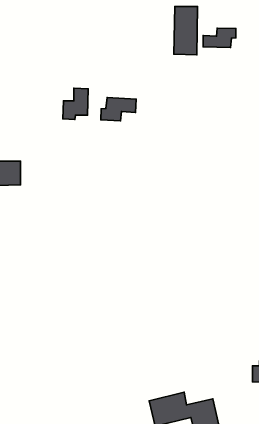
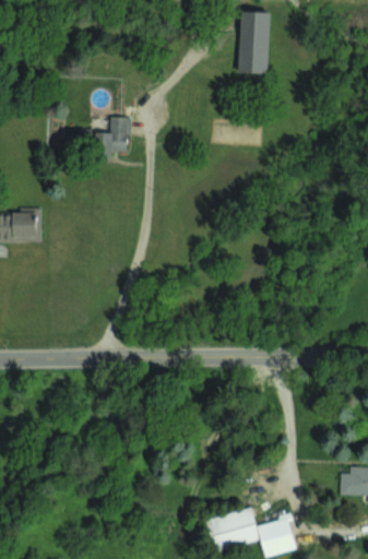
building: [203,28,236,48] -> none
building: [101,97,136,121] -> none

